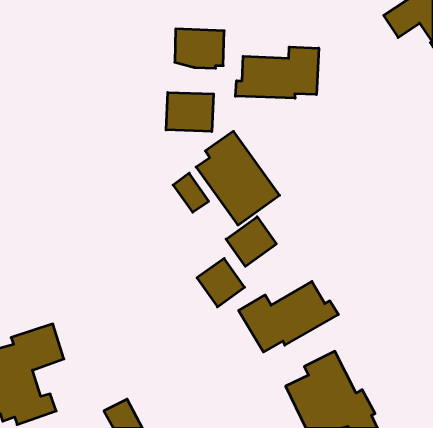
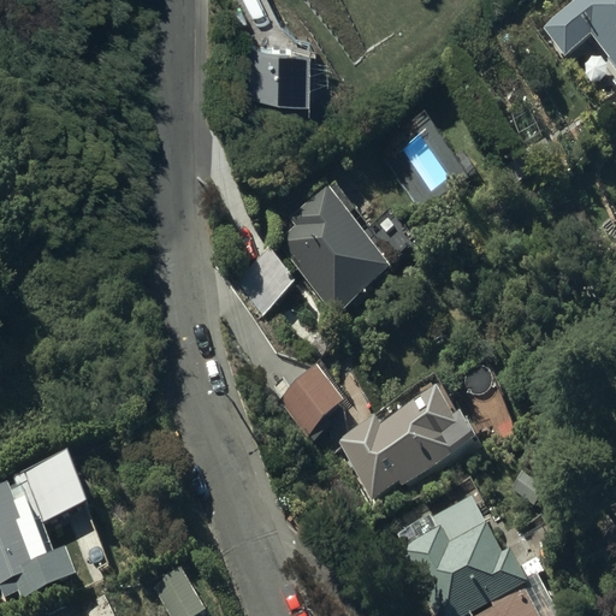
building: [235,47,319,98] -> none
building: [166,92,214,132] -> none
building: [226,217,276,266] -> none

